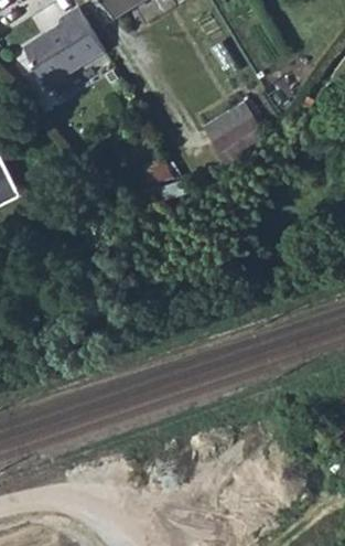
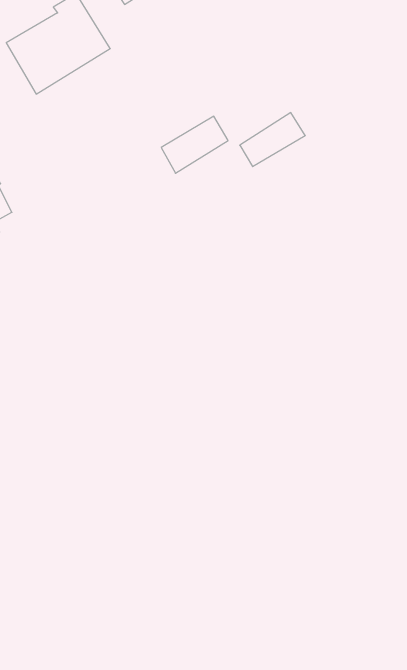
building: [213,119,265,163] -> [161,116,228,173]

